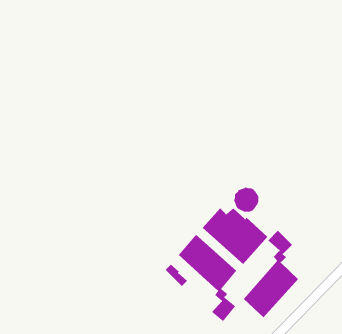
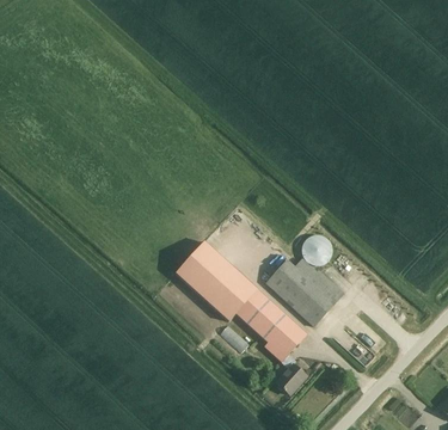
building: none -> [176,241,257,321]
building: [243,230,299,318] -> none

